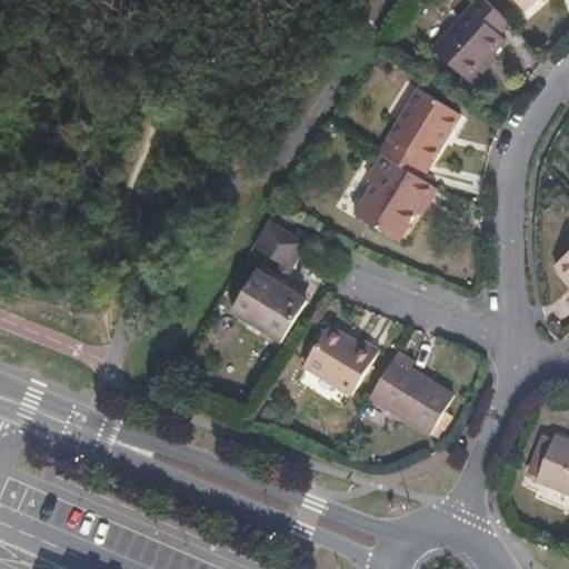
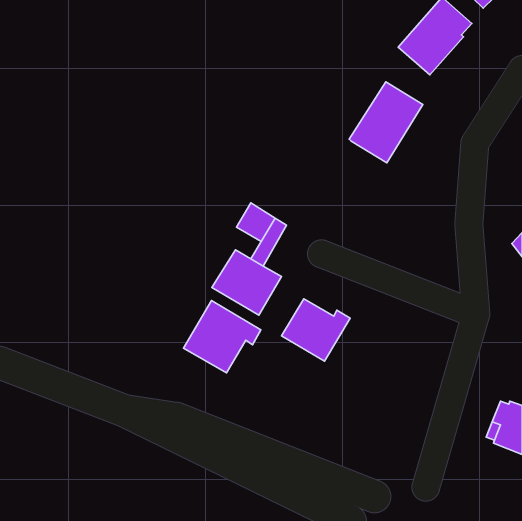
building: [355,153,436,240] -> none
building: none -> [183,301,261,373]
building: [370,350,455,432] -> none

